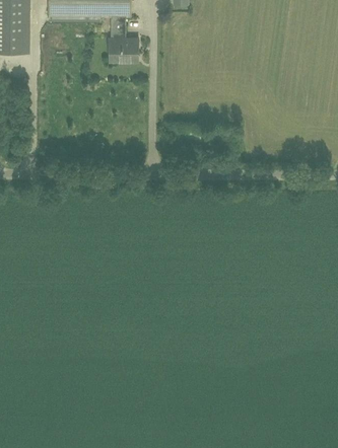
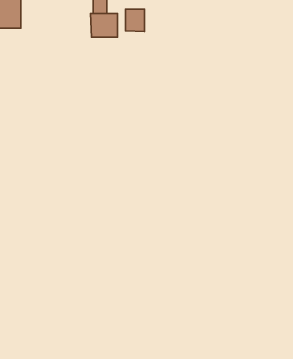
building: none -> [126,9,145,31]

